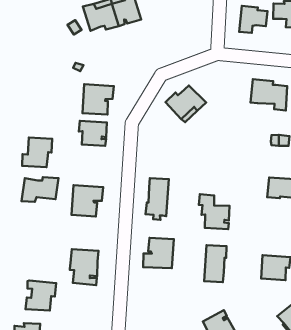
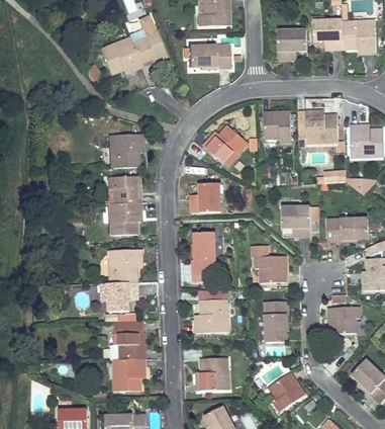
building: none -> [185,45,229,67]
building: none -> [263,110,290,142]
building: none -> [190,182,220,212]
building: [22,138,52,167] -> [108,201,140,235]
building: none -> [280,205,317,236]
building: [22,177,58,202] -> none
building: none -> [107,281,137,312]
building: [26,281,56,311] -> [112,358,145,391]
building: none -> [195,356,227,390]

